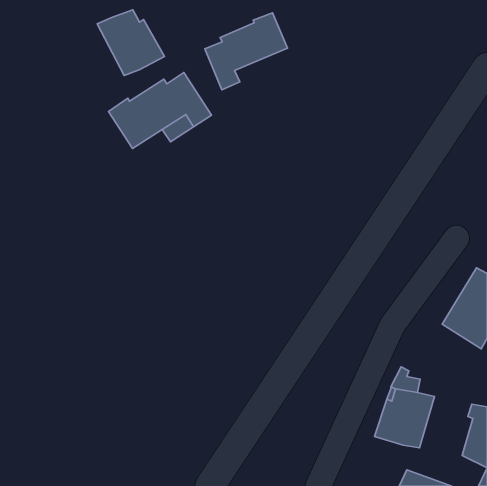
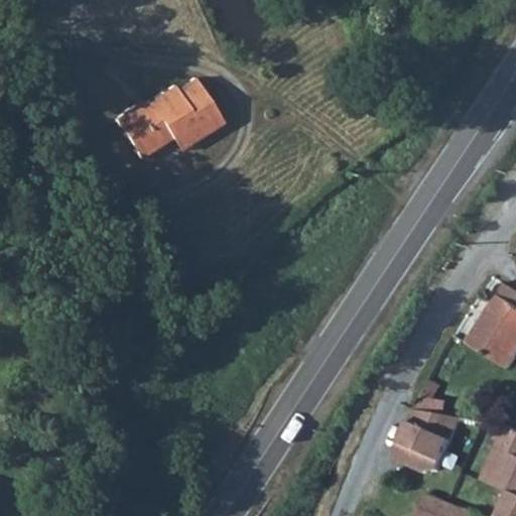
building: [97,10,164,75] -> none
building: [205,13,287,90] -> none

